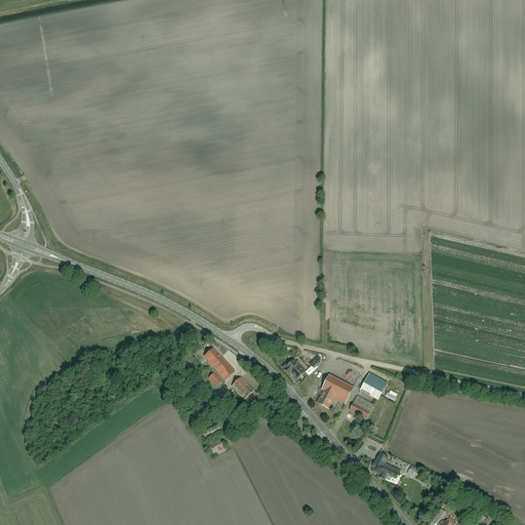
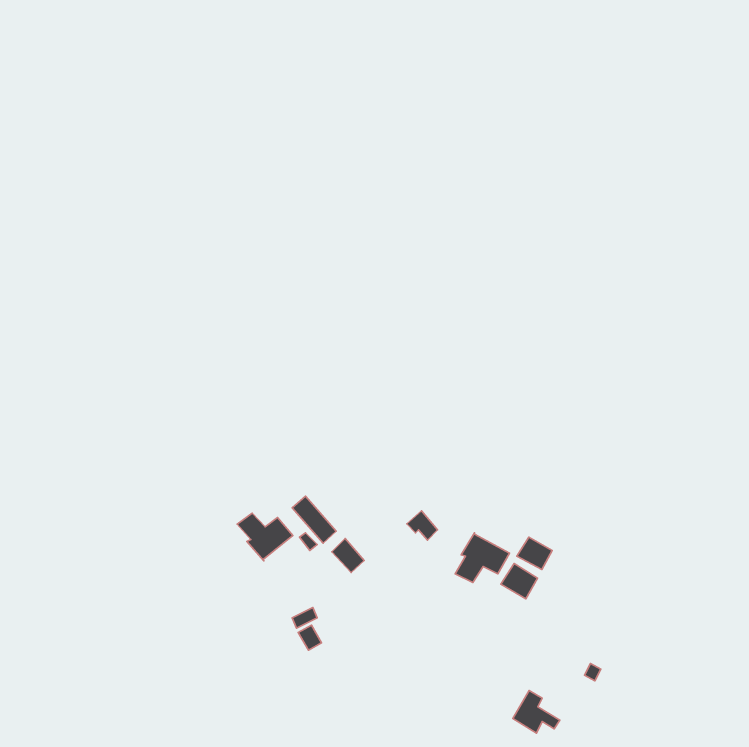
building: none -> [237,513,293,561]
building: [369,450,402,480] -> [513,691,560,733]

